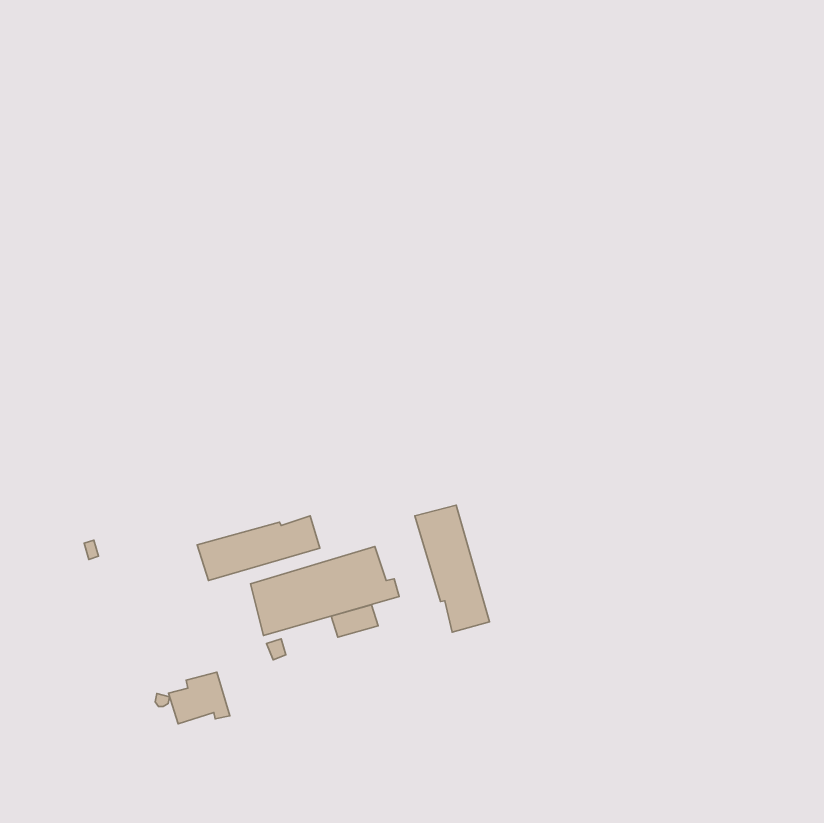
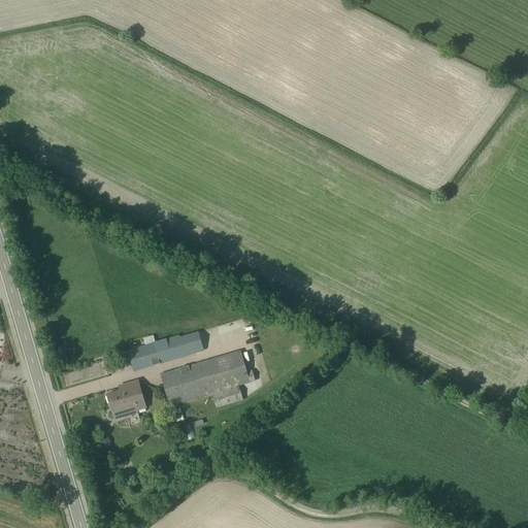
building: [415,505,490,632] -> none
building: [168,672,230,724] -> [106,380,145,412]

